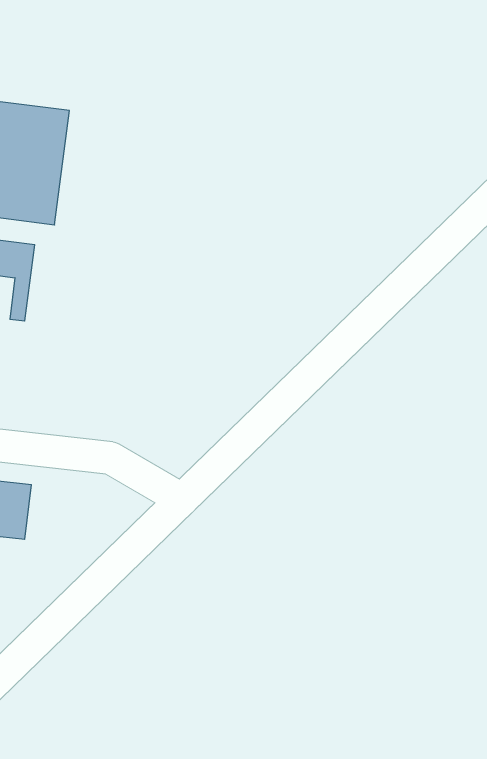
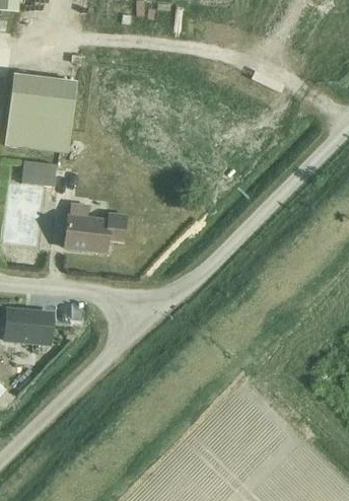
building: none -> [64,202,126,251]

